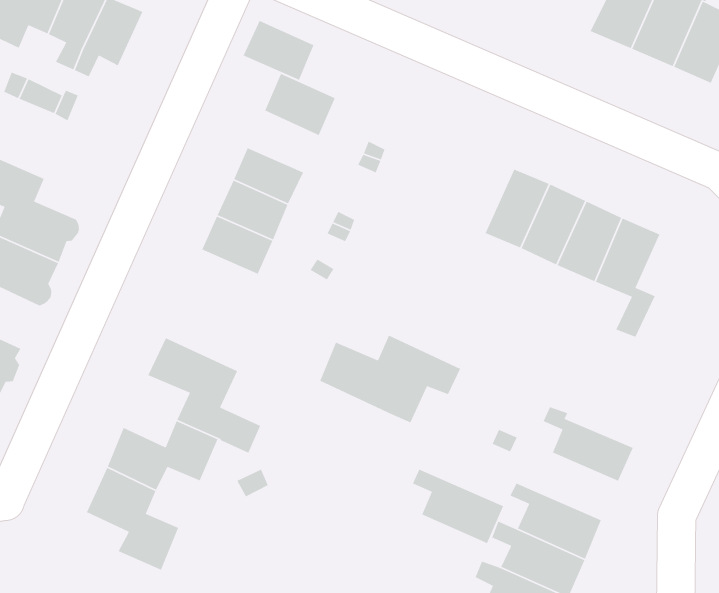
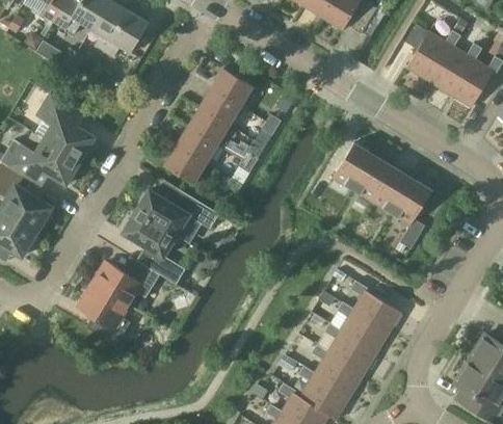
building: [242,20,315,81] -> [198,88,241,127]
building: [319,335,461,423] -> [137,190,220,243]
building: [412,468,504,544] -> [337,301,389,350]

